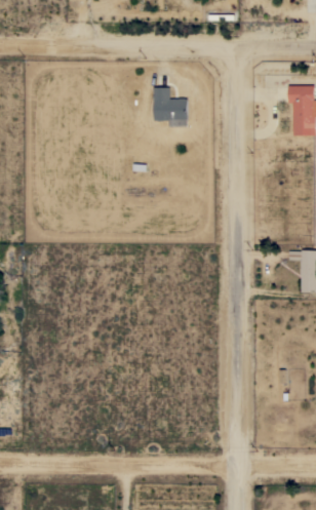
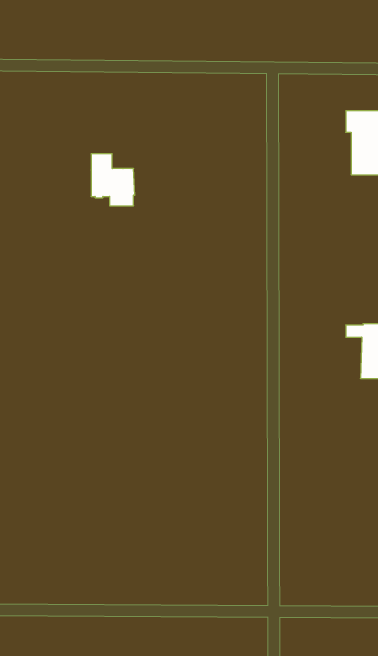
building: [153,87,187,127] -> [91,154,135,206]

